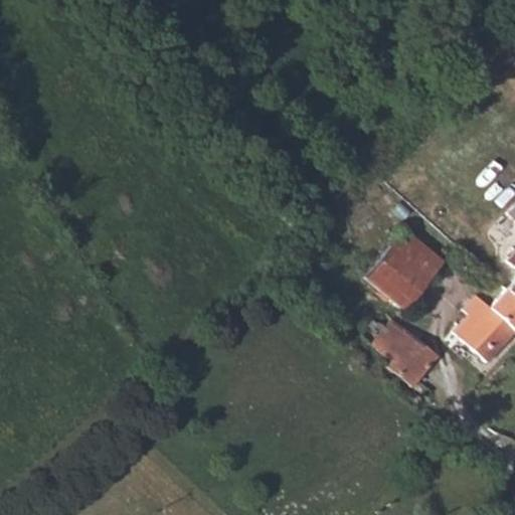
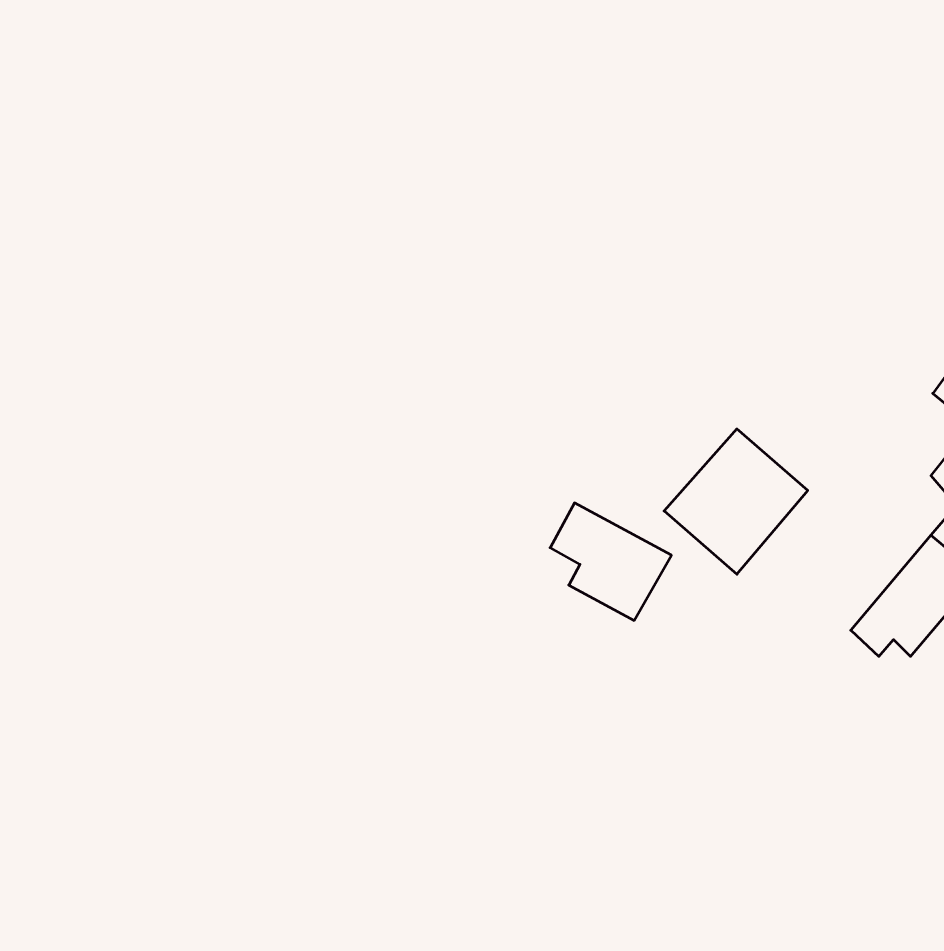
building: [377,321,443,384] -> [550,503,671,620]

